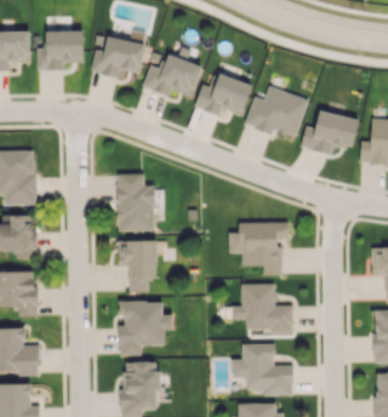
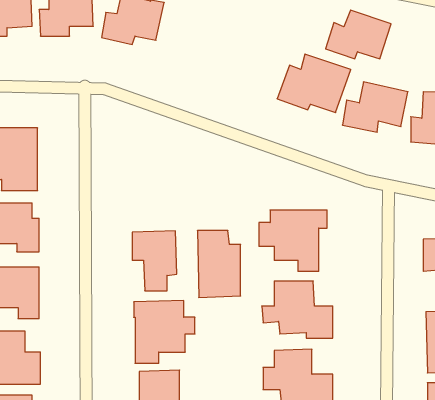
building: [142,53,201,97] -> none
building: [194,73,251,115] -> [326,10,391,59]
building: [116,173,154,232] -> [197,231,241,297]

